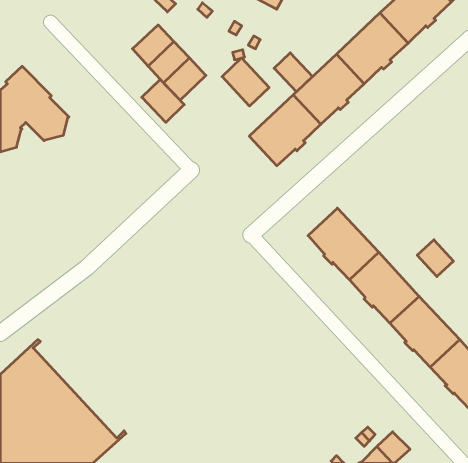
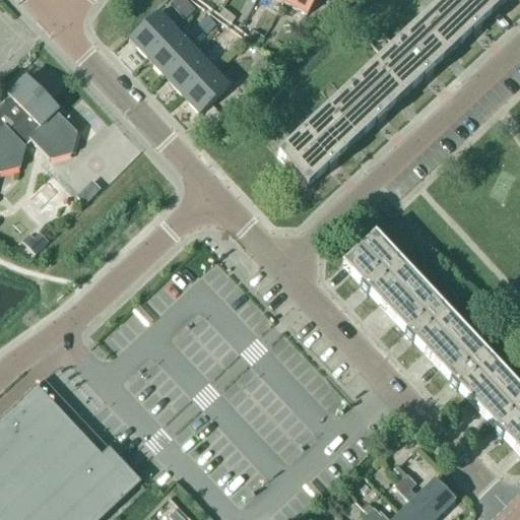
building: none -> [130,8,177,54]
building: [274,53,313,92] -> none
building: [222,58,269,106] -> none
building: [142,79,184,122] -> none
building: [417,240,453,277] -> none

